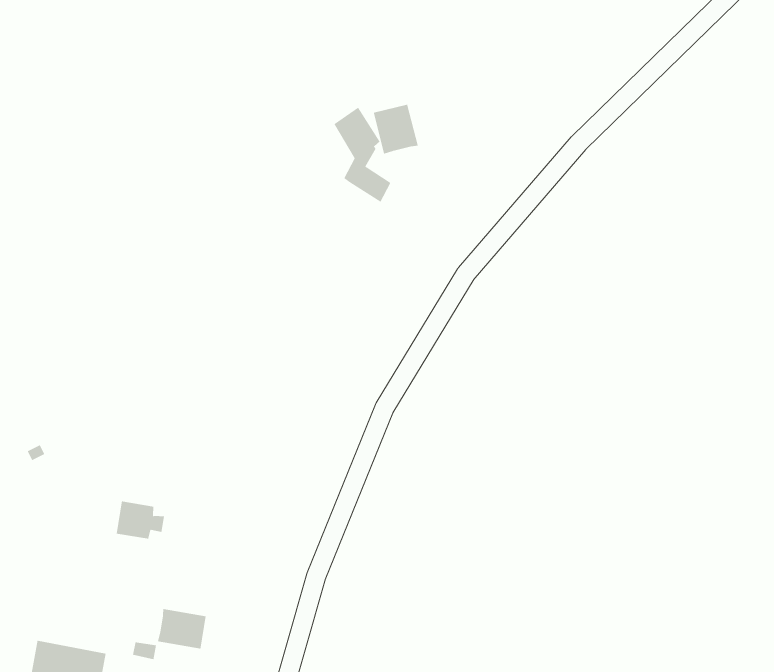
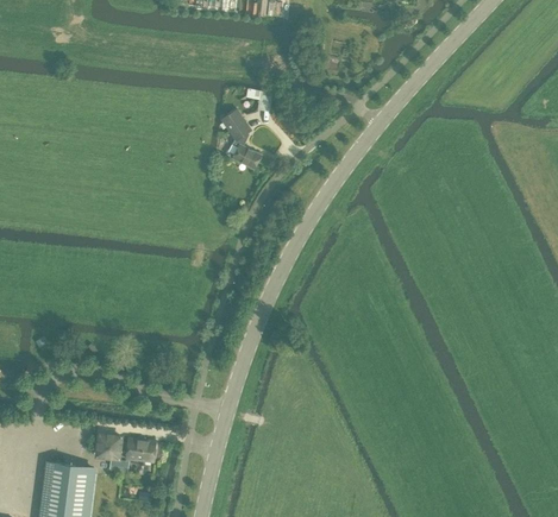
building: [373,104,419,155] -> none
building: [116,501,165,539] -> [96,434,127,458]

